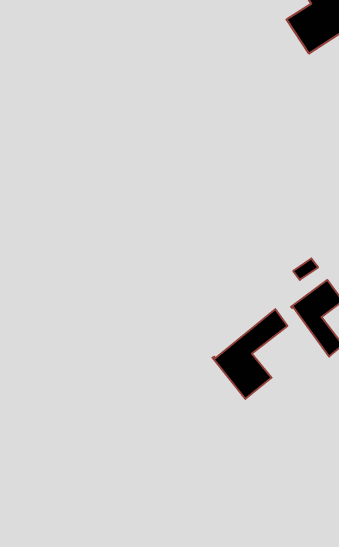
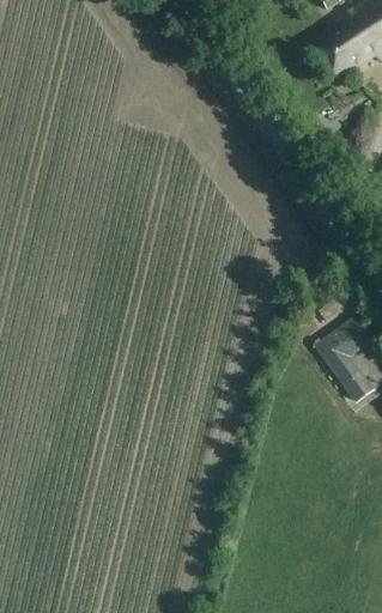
building: [212,309,287,399] -> none

